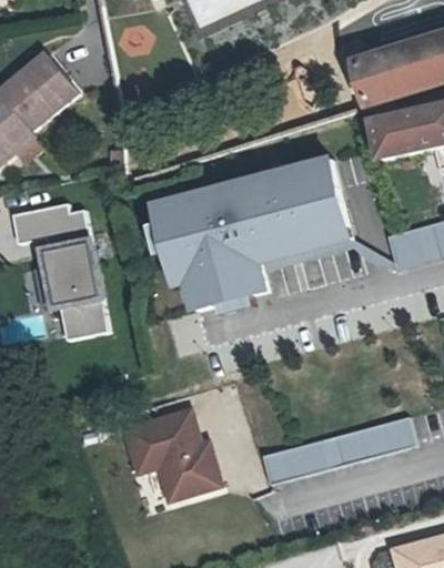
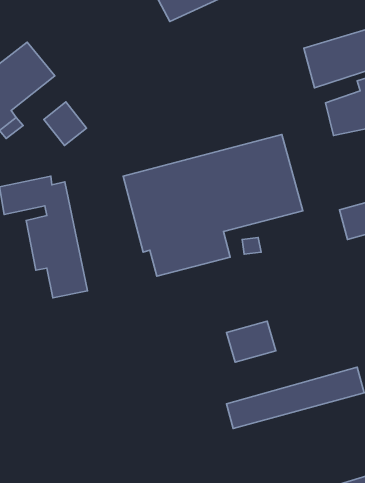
building: none -> [44,102,86,146]
building: none -> [227,321,276,362]
building: [127,410,220,498] -> none

